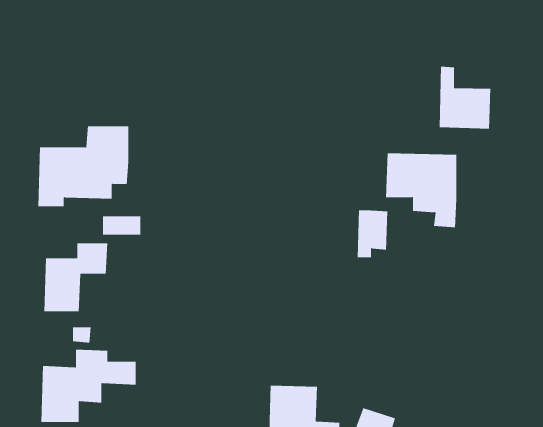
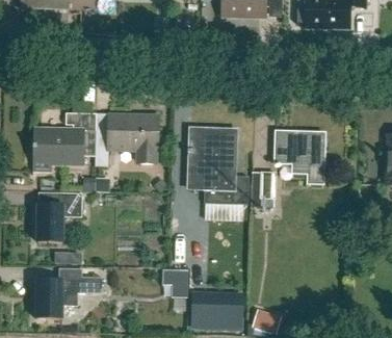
building: [439,66,491,130] -> none
building: none -> [96,113,159,165]
building: none -> [188,129,246,203]
building: none -> [159,268,185,293]

